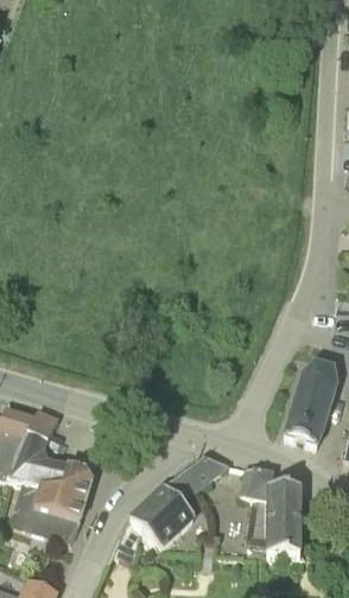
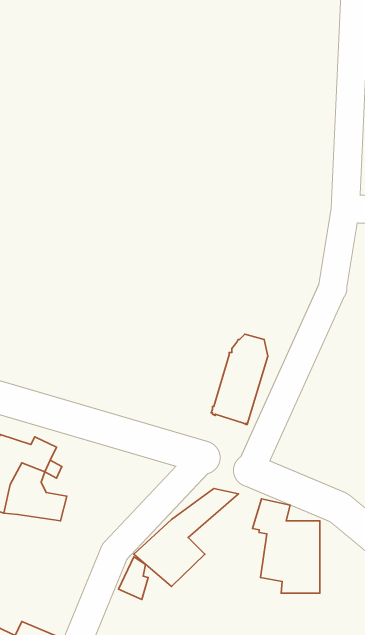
building: [284,363,336,446] -> [211,334,268,425]
building: [13,465,93,541] -> none

